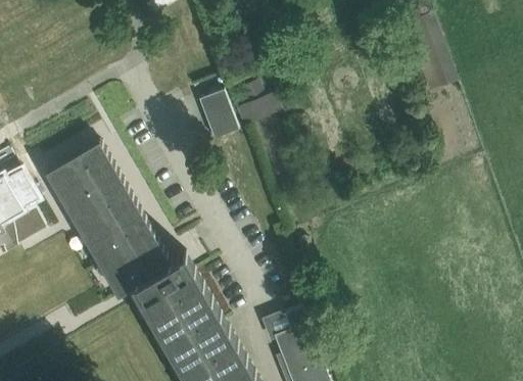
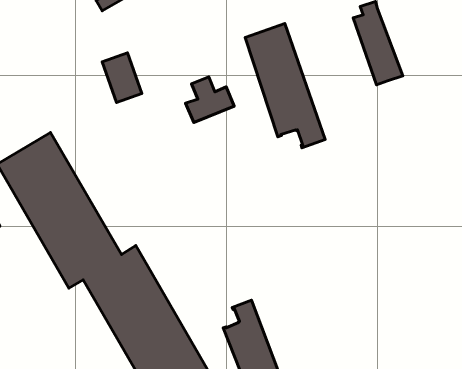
building: none -> [245,24,325,148]
building: [196,88,236,138] -> [102,53,142,103]

